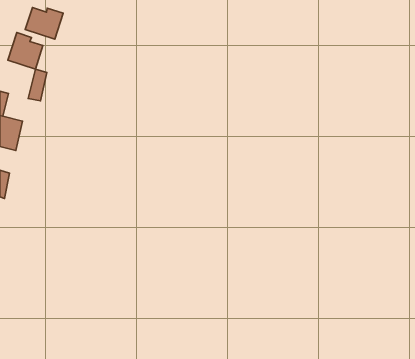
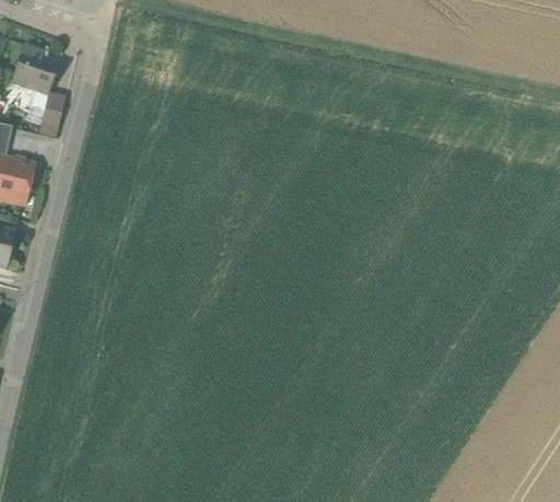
building: [25,8,63,39] -> none

